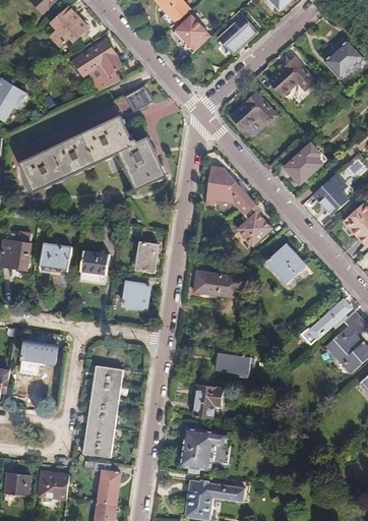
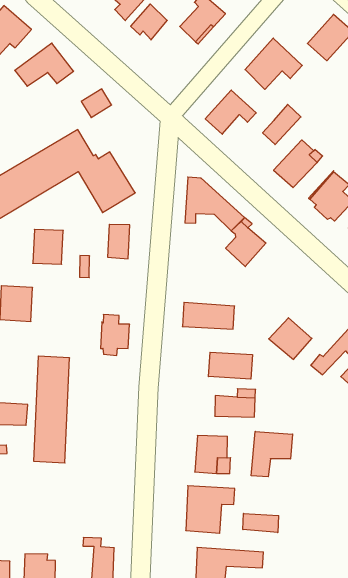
building: none -> [263,104,301,145]
building: [136,241,158,272] -> [108,224,130,259]
building: [267,244,304,280] -> [269,318,312,359]
building: [80,250,109,282] -> [33,229,63,264]
building: none -> [208,352,252,379]
building: [83,364,122,457] -> [34,356,70,463]
building: none -> [251,431,293,477]
building: none -> [243,513,279,533]

